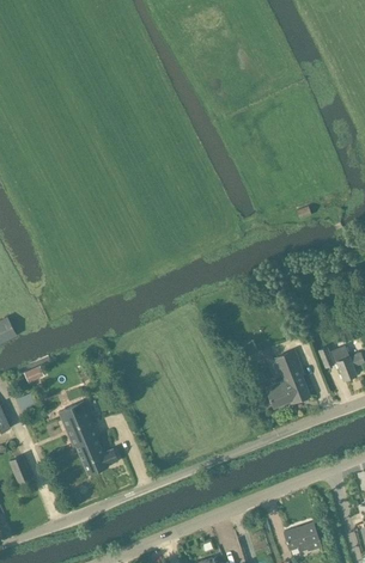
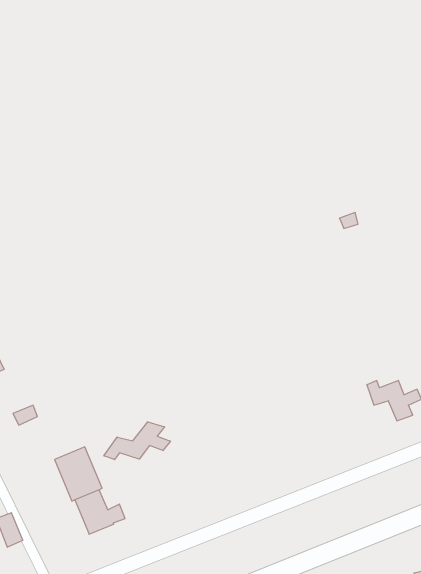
building: [264,350,309,406] -> none
building: none -> [104,422,170,460]

